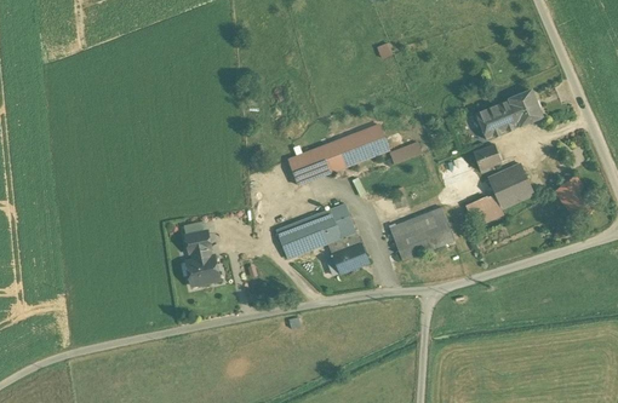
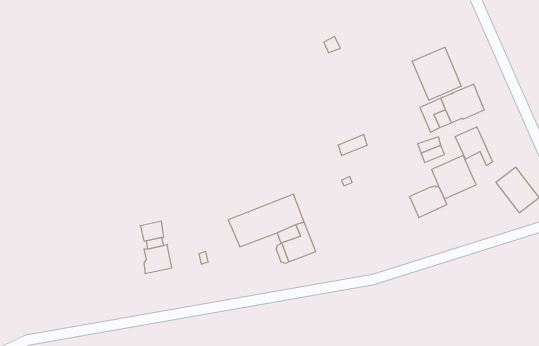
building: none -> [412,47,461,100]
building: [287,125,388,185] -> none
building: none -> [455,127,492,166]
building: [389,207,454,260] -> none

